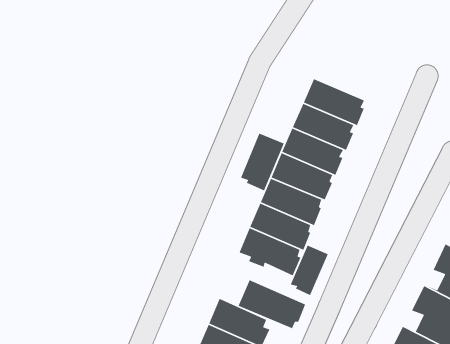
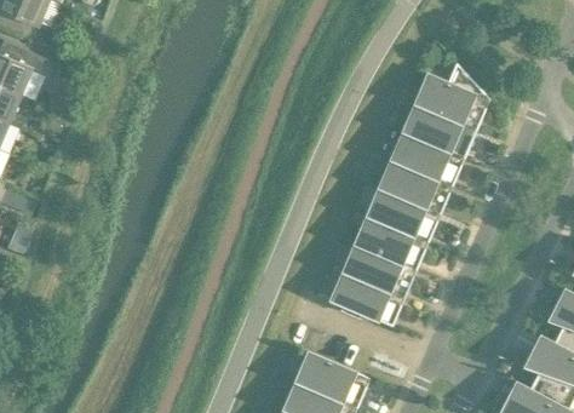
building: none -> [413,63,483,130]
building: [239,132,285,191] -> none
building: [289,244,329,296] -> none
building: [237,279,306,330] -> none

